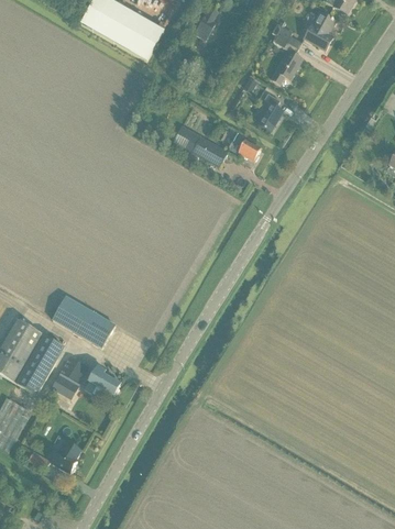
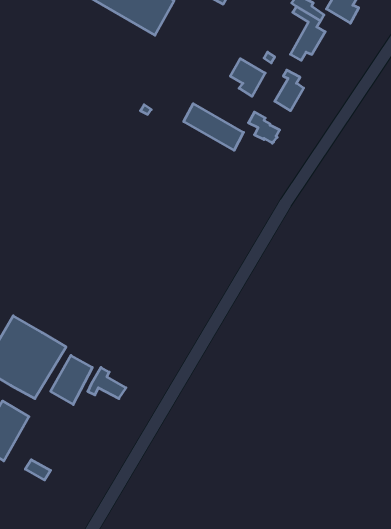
building: none -> [230,59,265,96]
building: [51,294,114,345] -> none
building: [51,439,79,471] -> none

